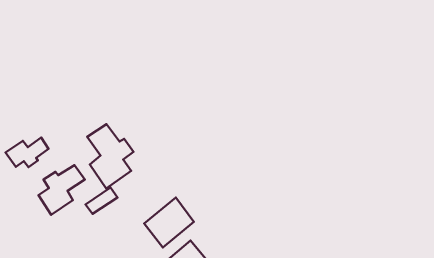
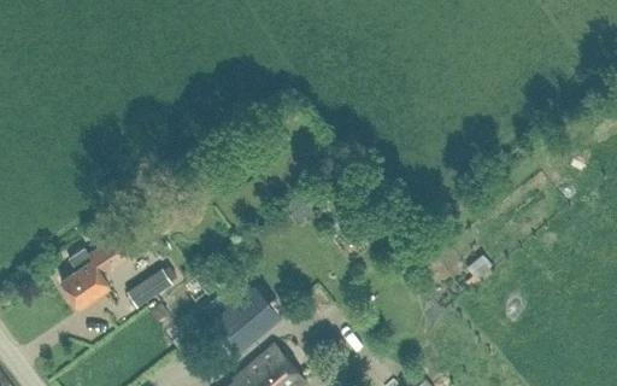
building: [87,124,134,188] -> none
building: [6,138,49,167] -> none

